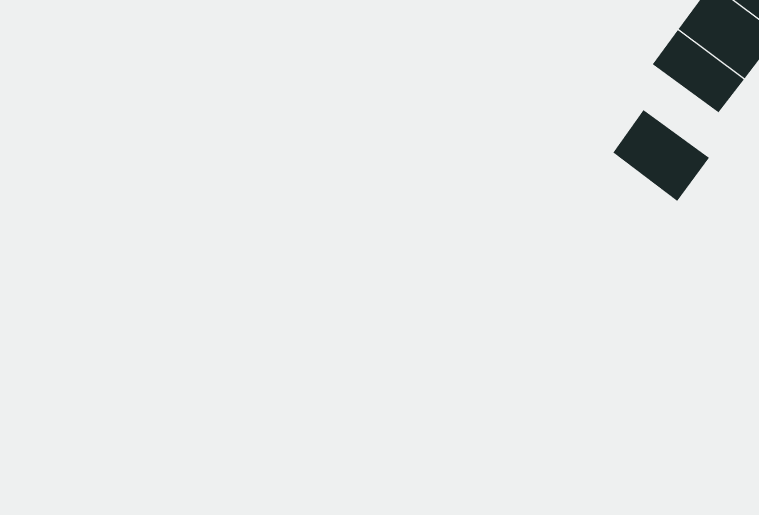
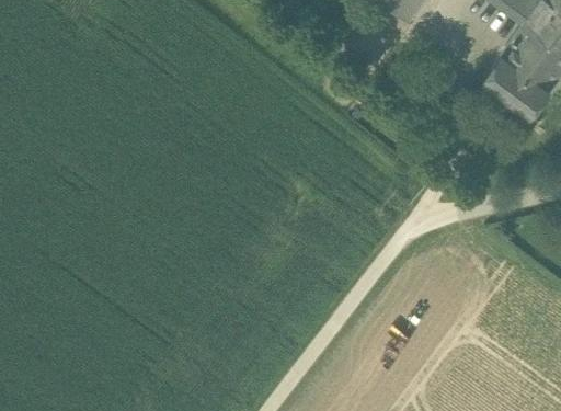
building: [612,109,710,202] -> none

